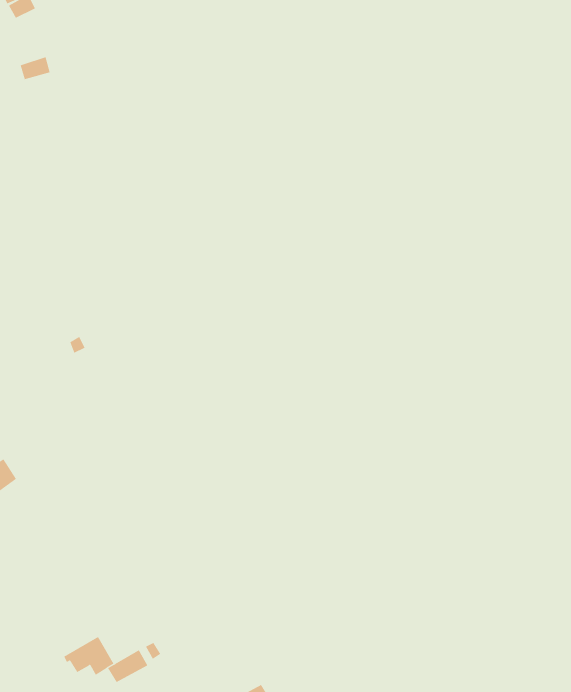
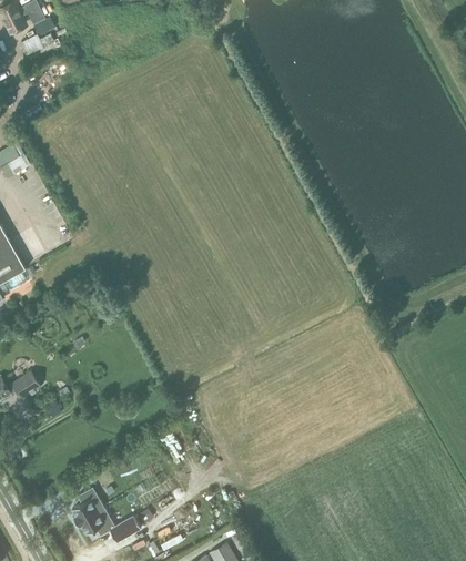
building: none -> [71,488,102,522]

